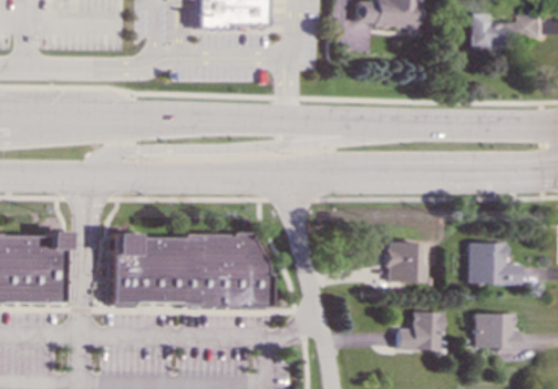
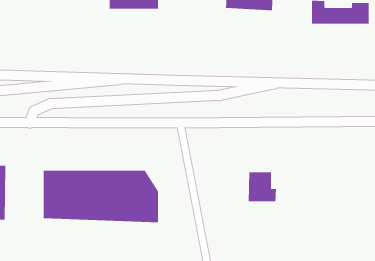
building: [466,242,518,284] -> none
building: [395,311,441,349] -> none
building: [473,313,517,349] -> none

